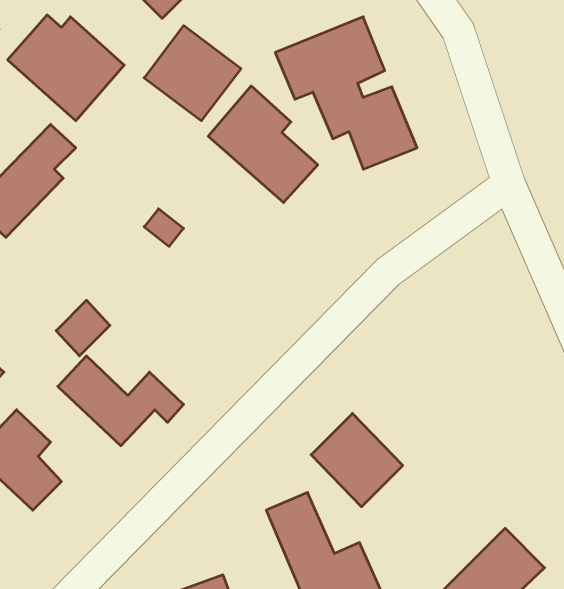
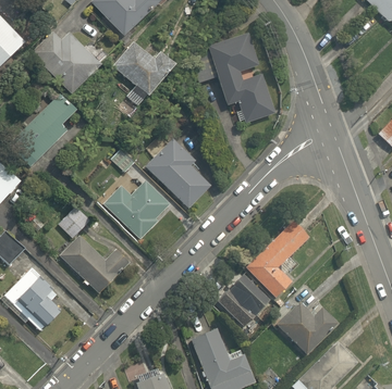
building: [208,86,318,203] -> [145,138,211,209]
building: none -> [103,184,167,240]
building: none -> [245,217,310,297]
building: none -> [272,300,335,355]

